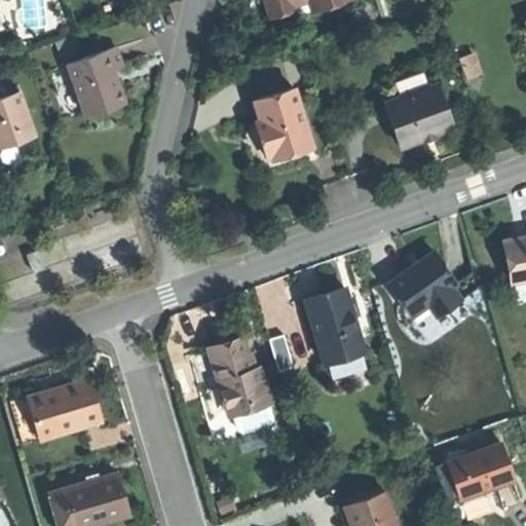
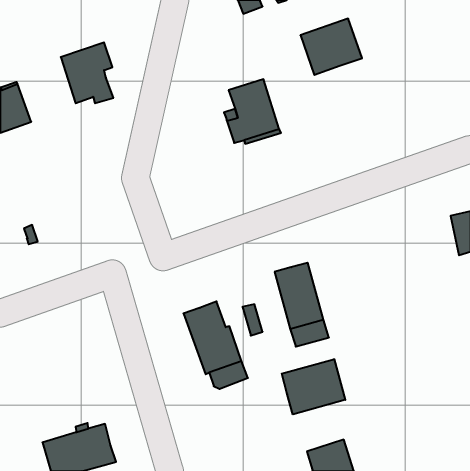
building: [385,84,454,147] -> [300,19,362,75]
building: [392,254,461,317] -> none
building: [25,378,96,436] -> none
building: none -> [282,359,345,414]
building: [449,447,515,500] -> none

